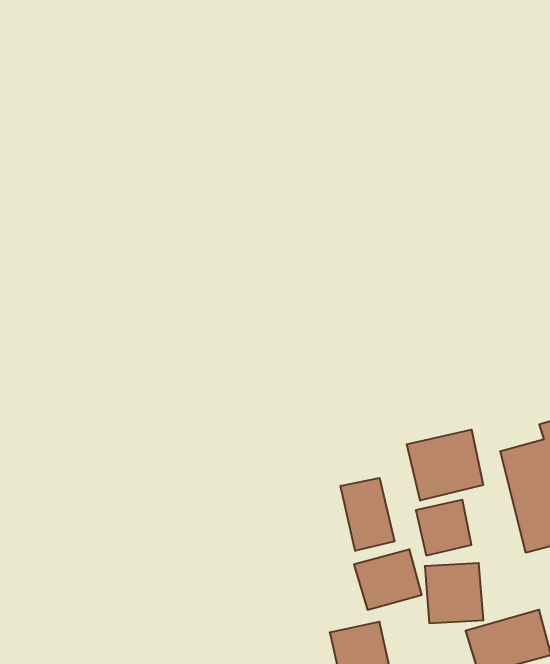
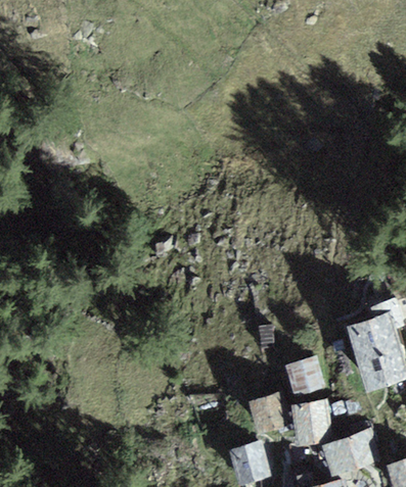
building: [407,430,483,501] -> none
building: [341,478,395,551] -> none

